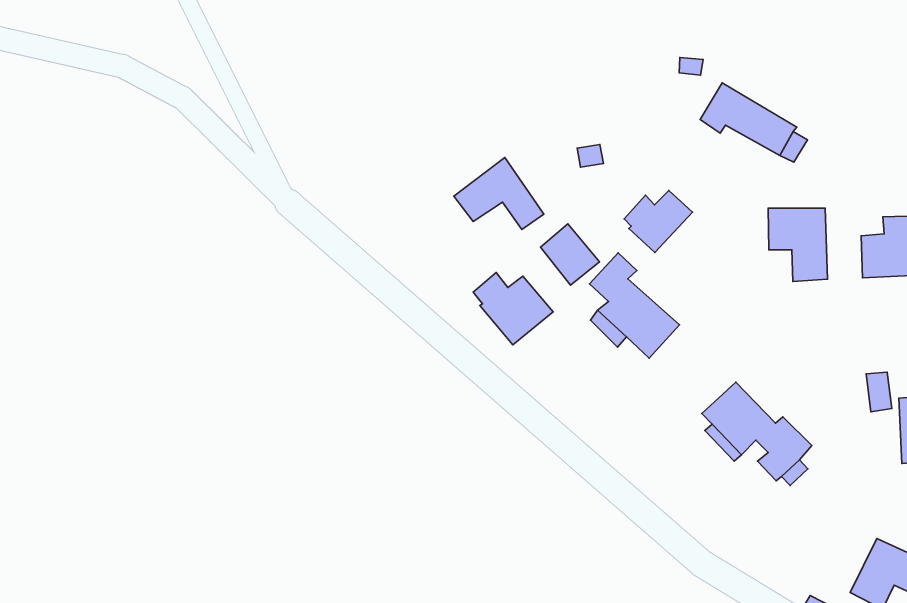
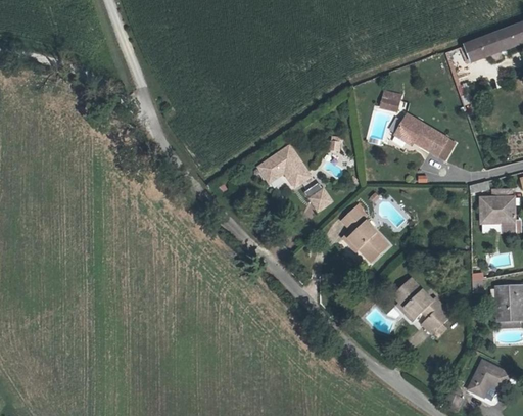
building: [624,190,693,252] -> none
building: [768,208,828,281] -> none
building: [473,272,553,345] -> none

